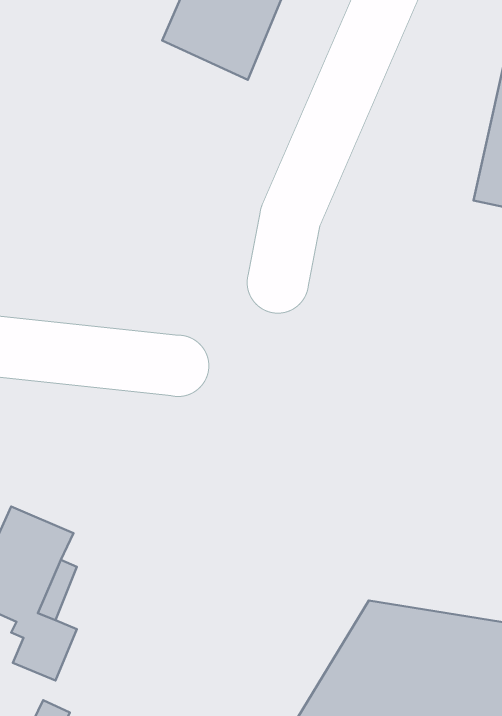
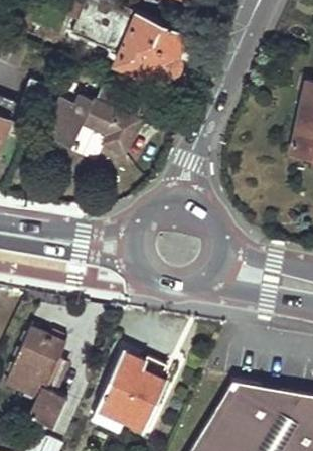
building: none -> [49,89,144,152]
building: none -> [93,351,167,430]

